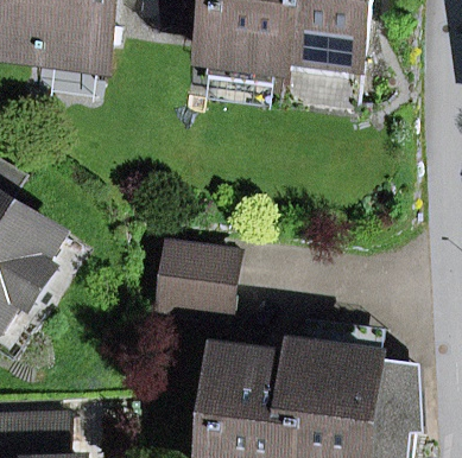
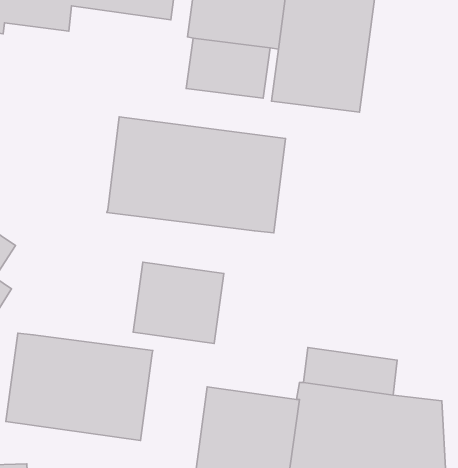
building: none -> [107,117,286,233]
building: none -> [6,333,153,441]

